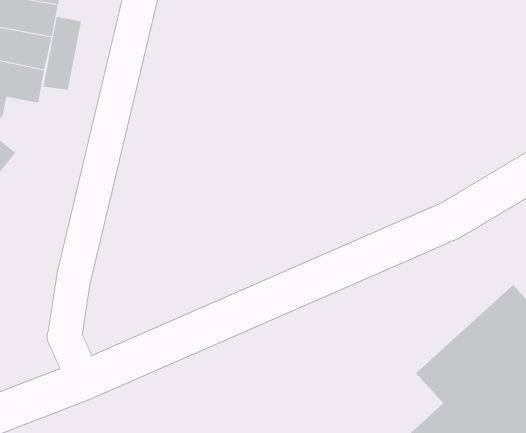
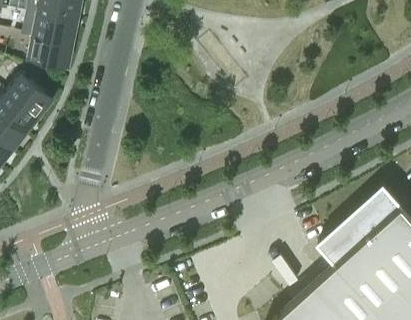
building: [43,16,81,90] -> none

